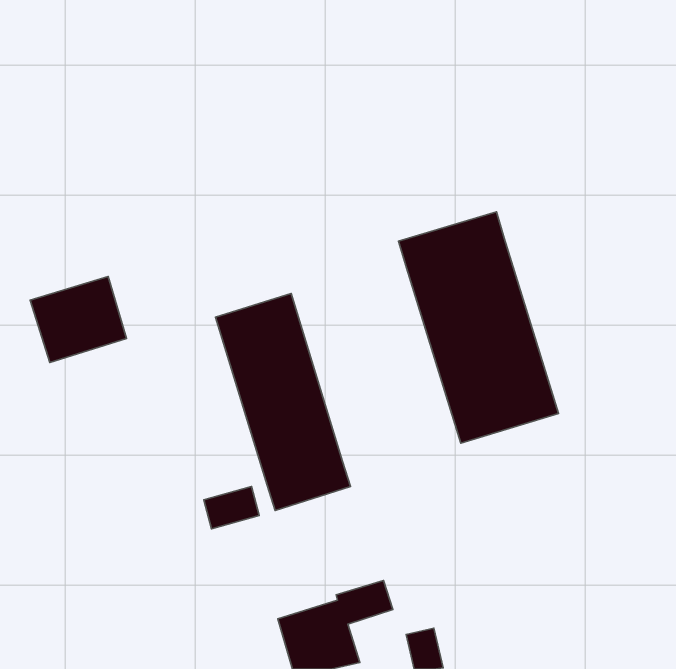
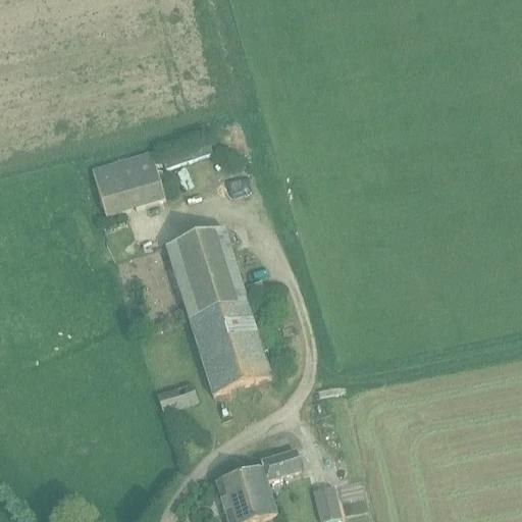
building: [399,212,559,443] -> none
building: [30,276,127,362] -> [91,149,165,215]

